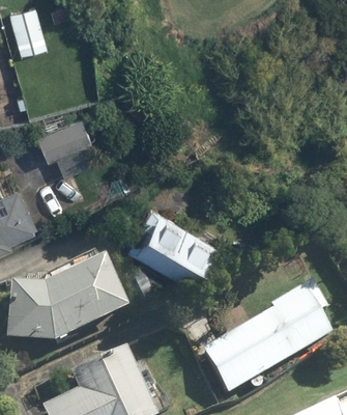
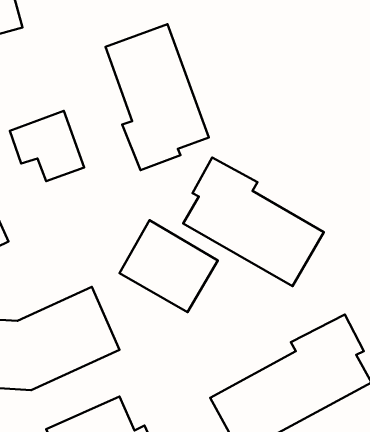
building: none -> [105,24,209,170]
building: none -> [183,158,324,286]

